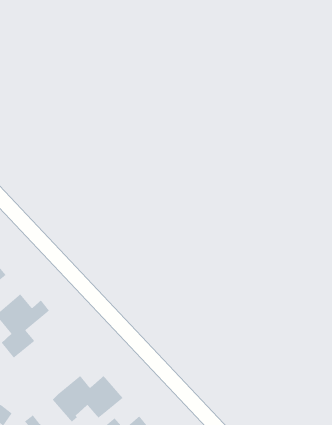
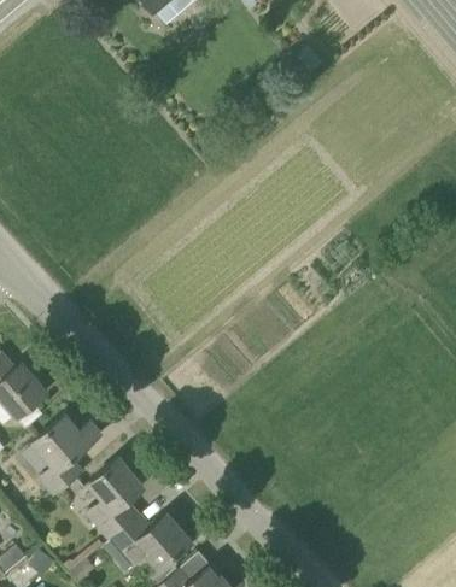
building: none -> [88,457,144,538]

